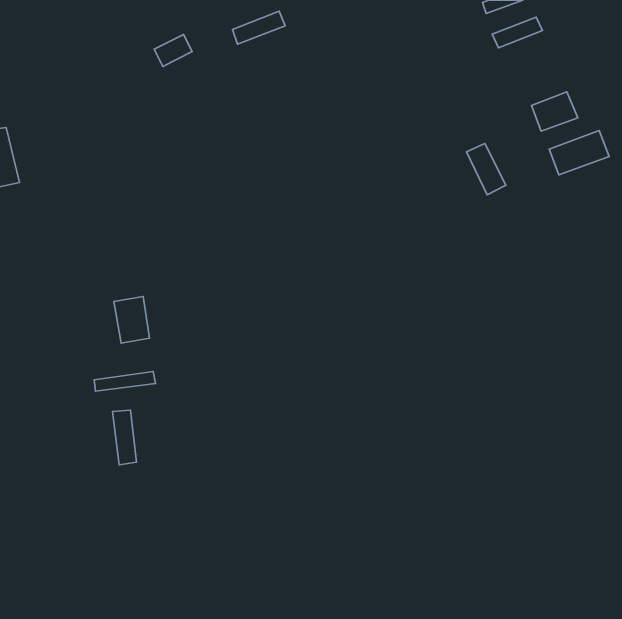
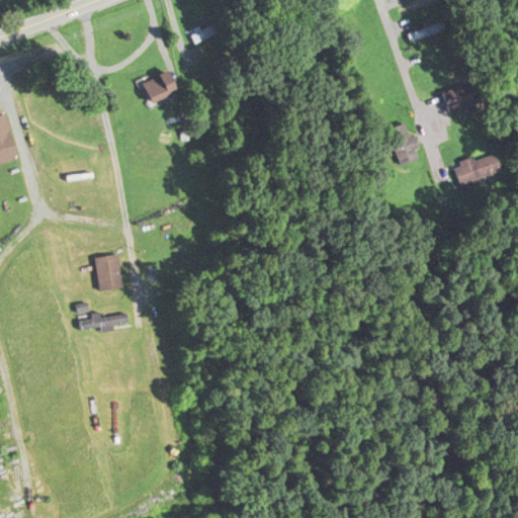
building: [154,34,192,66] -> [143,69,174,95]
building: [549,131,609,175] -> [452,152,502,188]
building: [113,410,137,465] -> none

